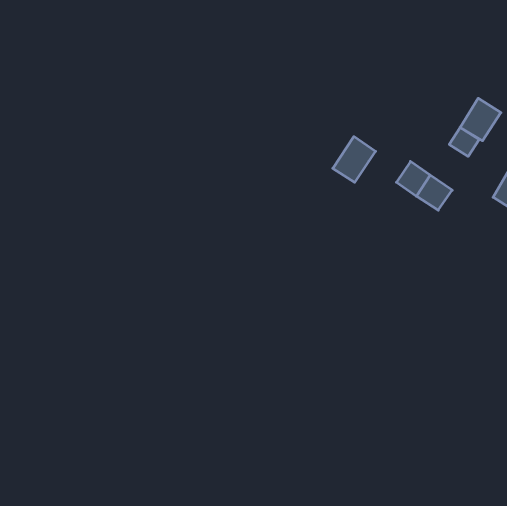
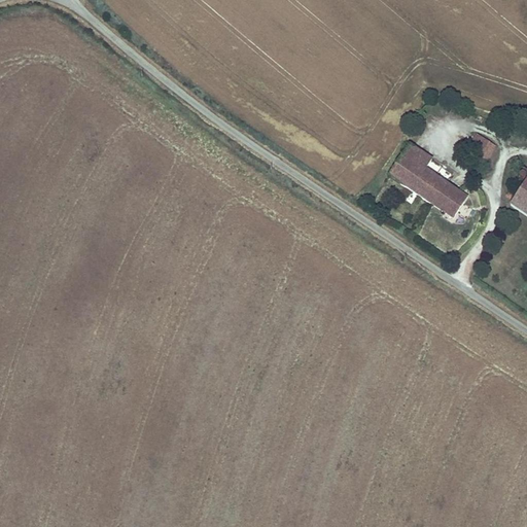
building: [460,98,501,141] -> none
building: [333,137,376,182] -> [389,141,433,188]

